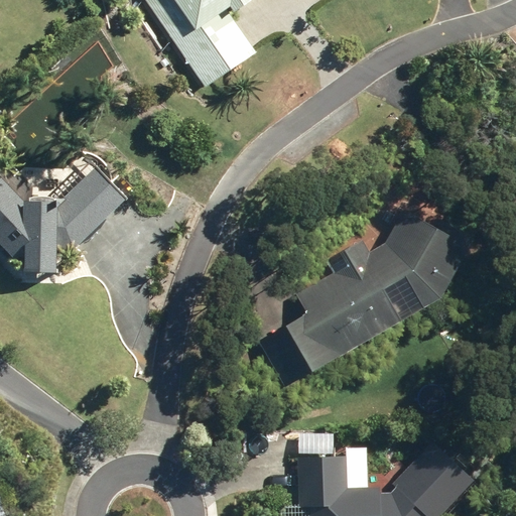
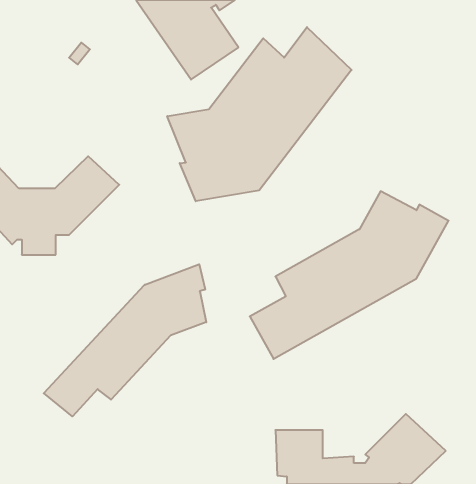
building: none -> [167,27,352,201]
building: none -> [44,264,206,416]

